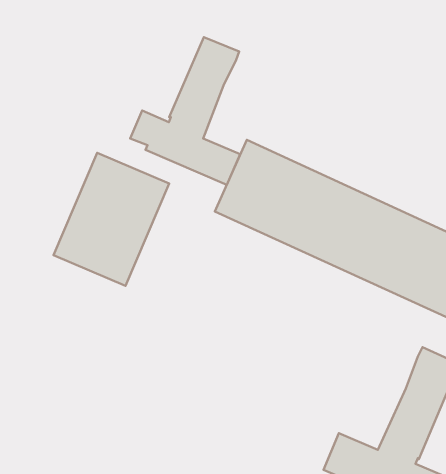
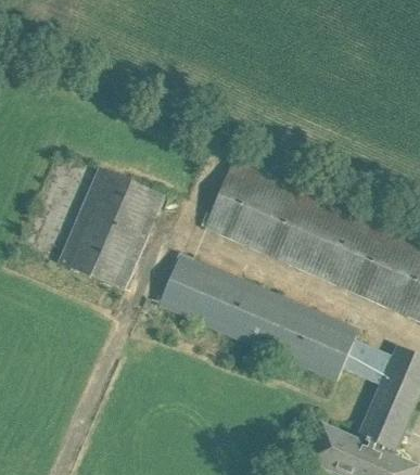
building: [130,37,240,185] -> none
building: none -> [158,249,393,386]

